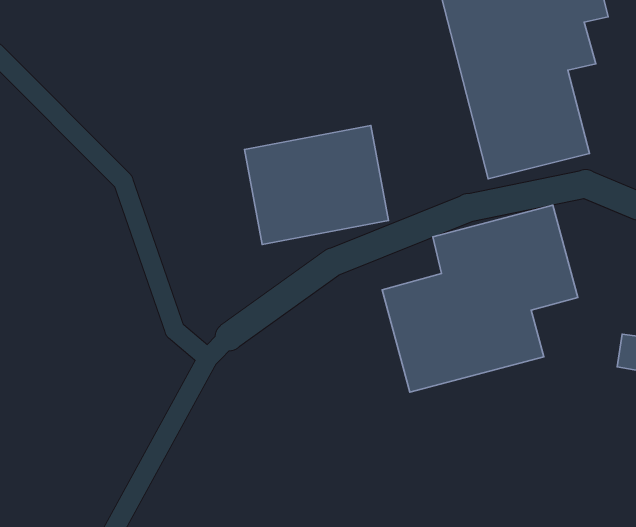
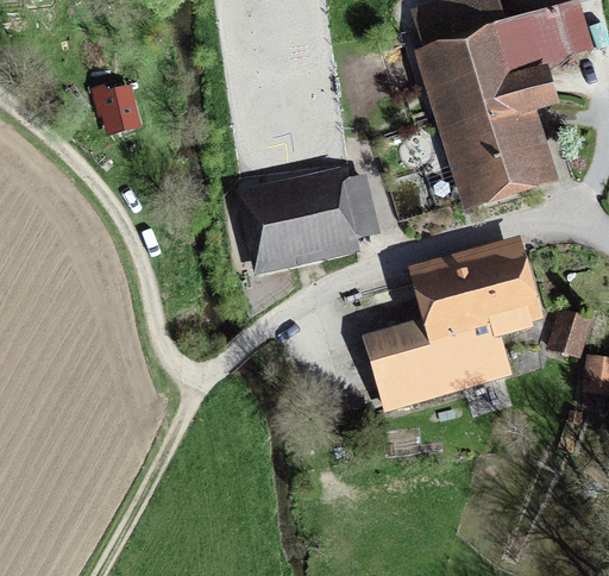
building: none -> [90,79,142,133]
building: none -> [550,308,585,353]

